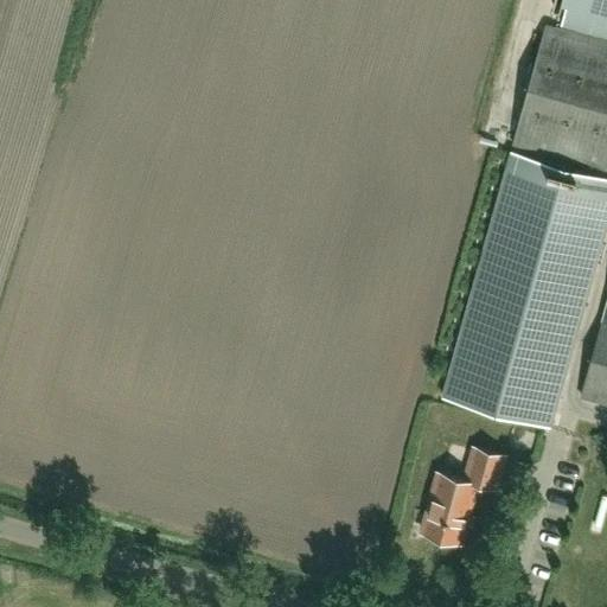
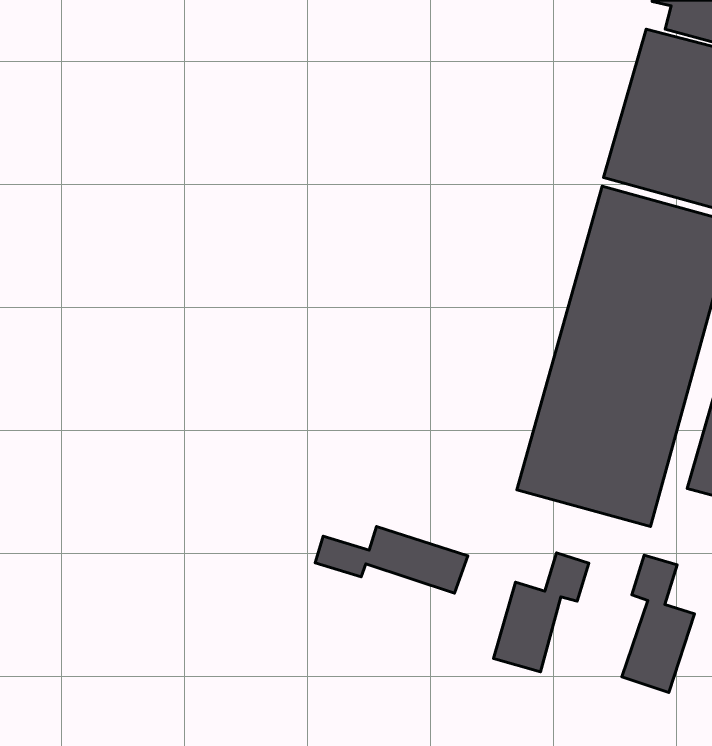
building: none -> [315,526,468,593]
building: none -> [622,555,694,693]

